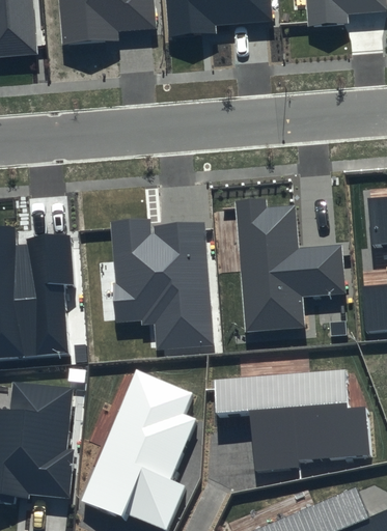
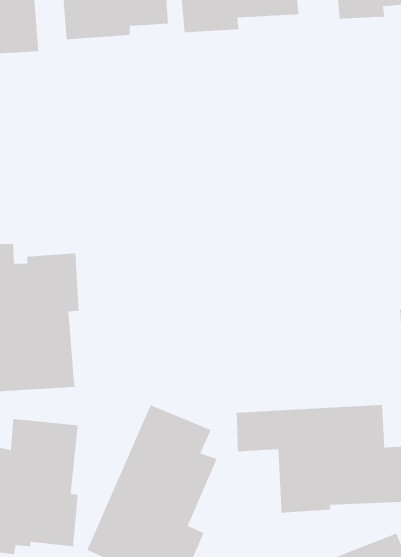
building: [236,199,347,331] -> none
building: [111,222,214,350] -> none

